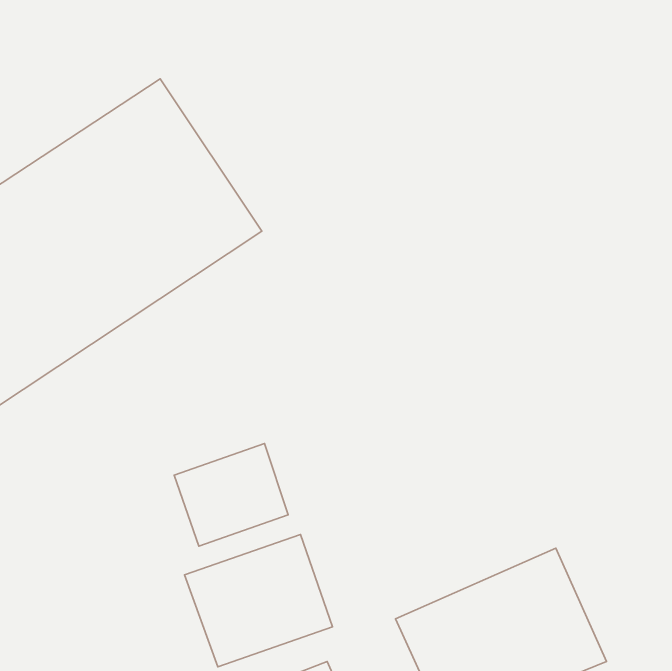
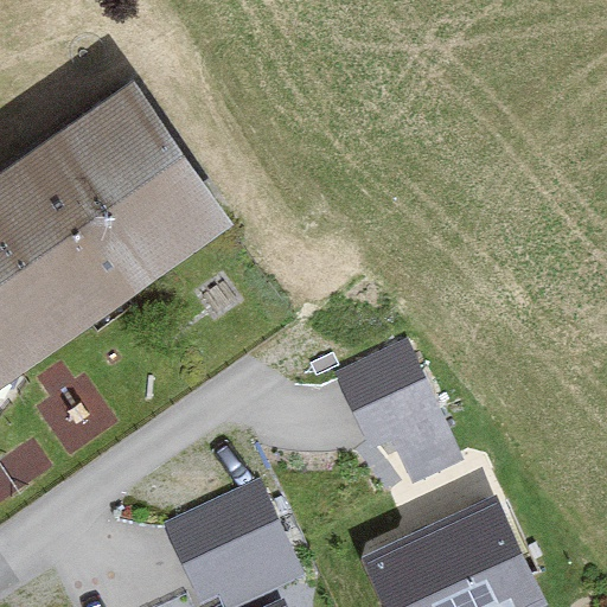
building: none -> [340,346,454,474]
building: [174,443,288,546] -> none

